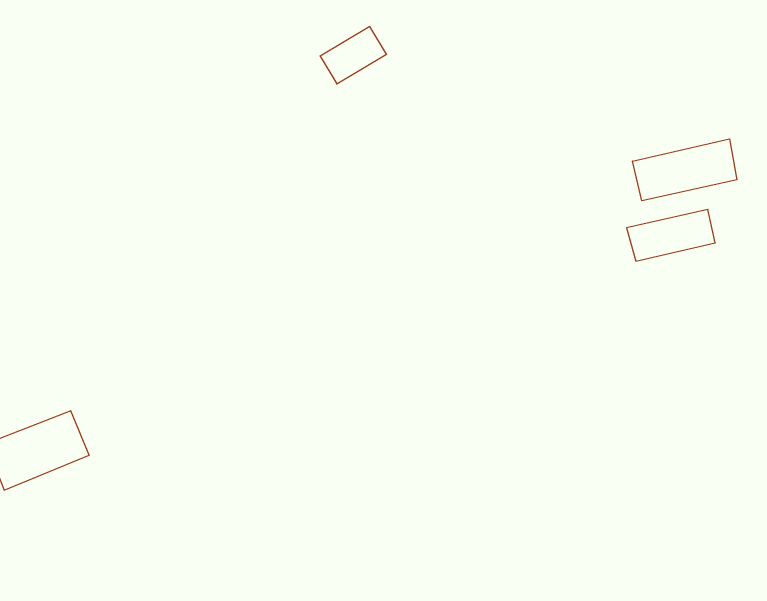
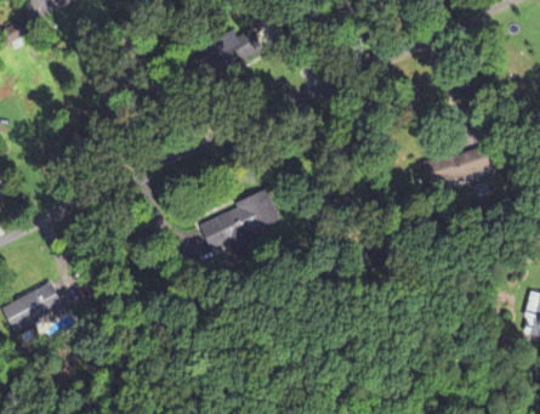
building: [633,139,737,201] -> none
building: none -> [197,193,278,249]

